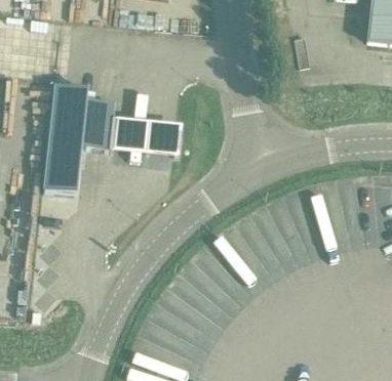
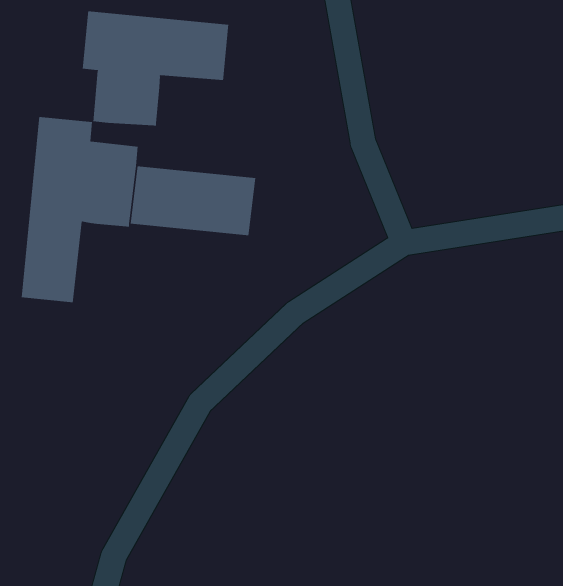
building: none -> [82,11,229,127]

